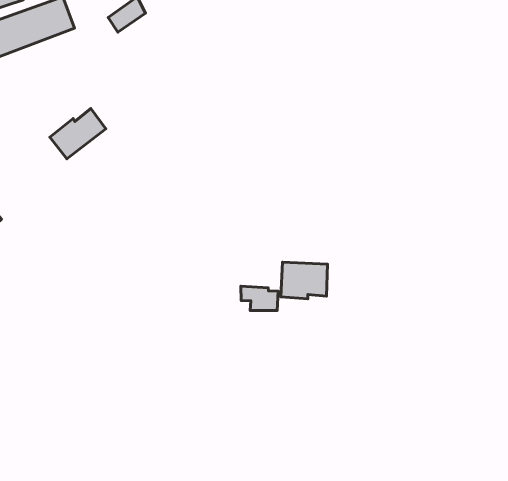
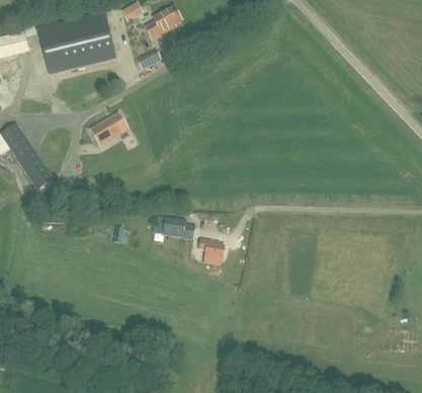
building: none -> [162,215,194,237]
building: [281,262,328,299] -> none

